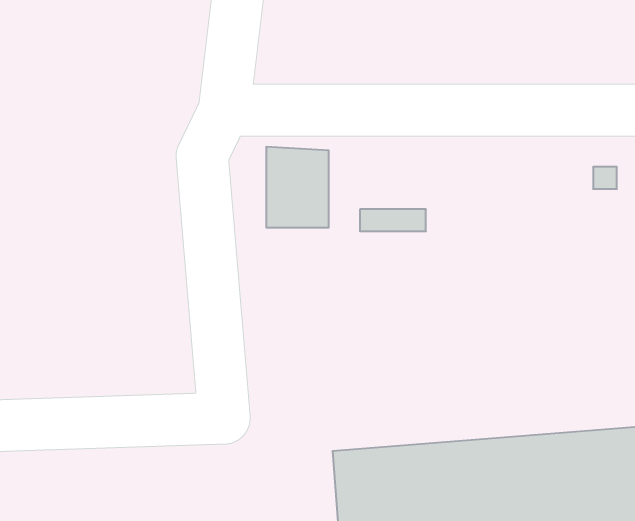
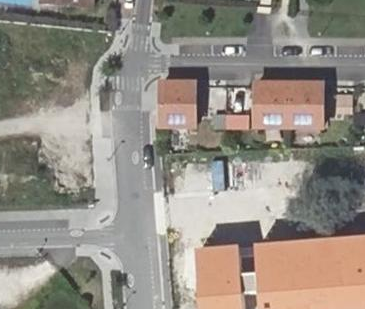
building: none -> [256,85,323,128]

